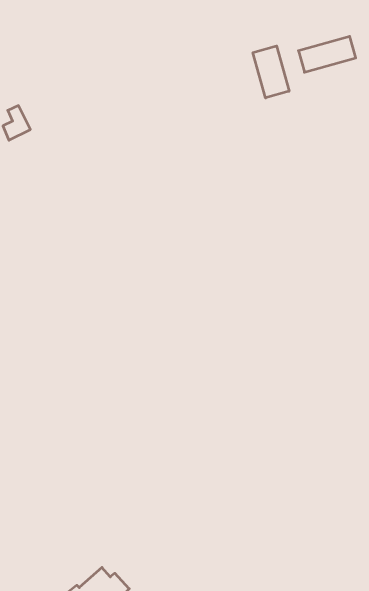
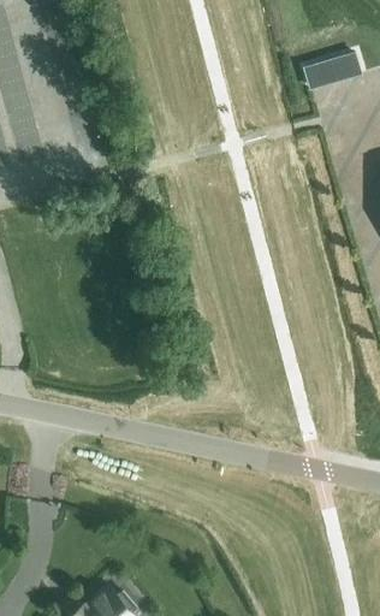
building: [253,46,289,98] -> none

